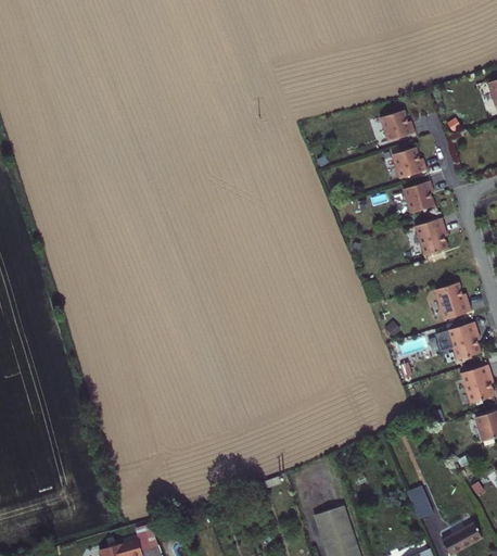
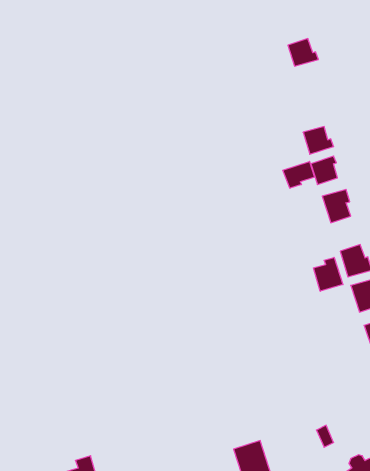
building: [381,110,416,141] -> [288,39,318,66]
building: none -> [283,161,315,188]
building: none -> [313,257,343,291]

